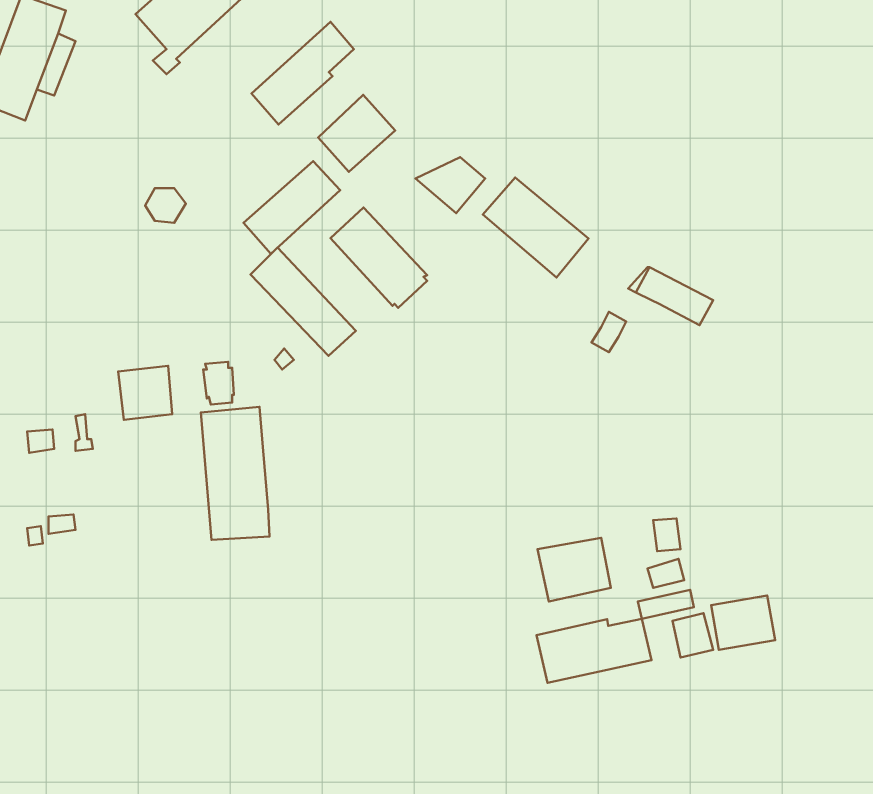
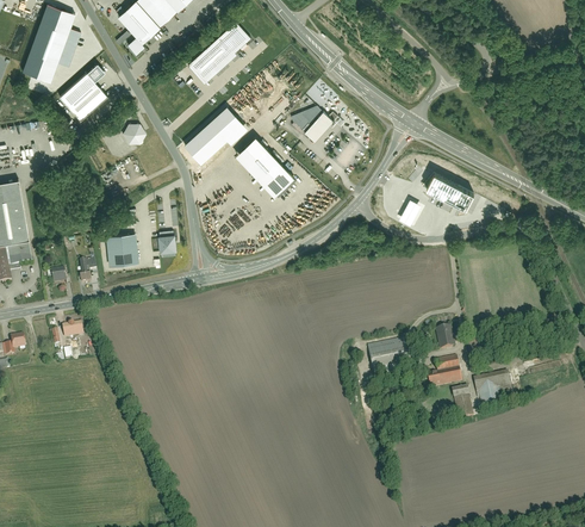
building: none -> [60,63,107,119]
building: [318,95,395,172] -> none
building: [483,178,589,278] -> none
building: [250,248,356,356] -> none
building: [201,407,269,540] -> none
building: [536,619,652,683] -> none

